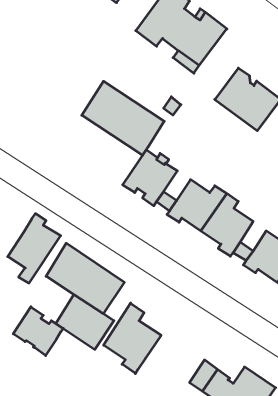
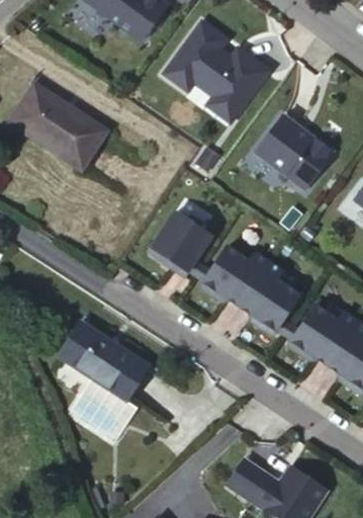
building: [82,81,164,155] -> [10,83,106,169]
building: [8,214,61,283] -> none
building: [104,303,161,374] -> none
building: [13,307,63,356] -> none

